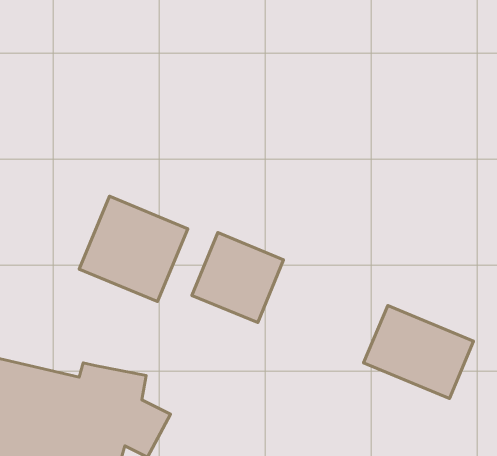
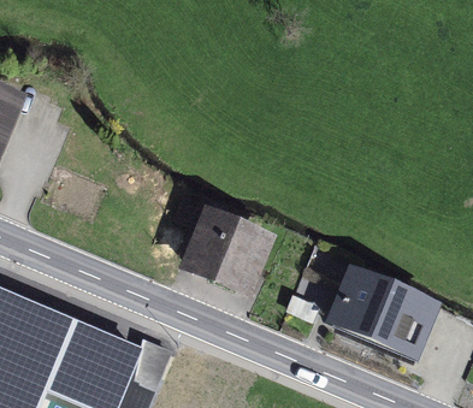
building: [79,196,188,301] -> none

